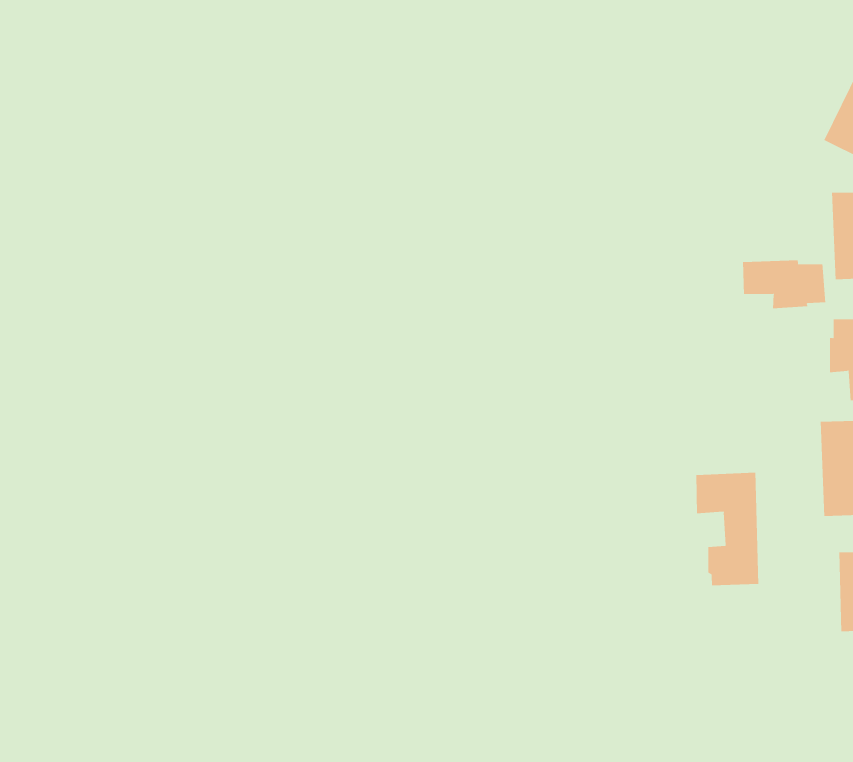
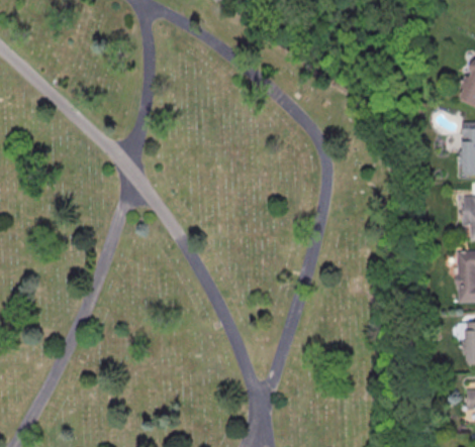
building: [743,259,826,309] -> none
building: [696,472,759,586] -> none

